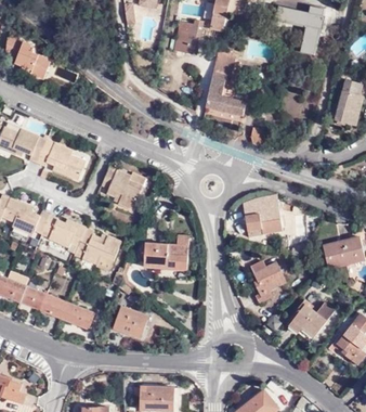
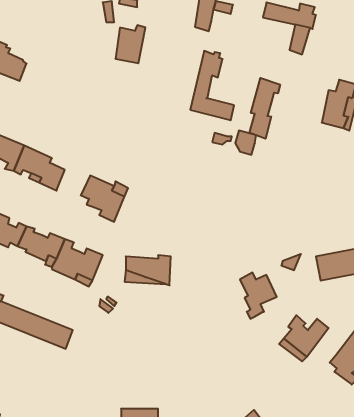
building: [173,21,201,56] -> [115,25,145,63]
building: none -> [250,78,280,139]
building: [243,196,282,234] -> none
building: [113,308,148,339] -> none

